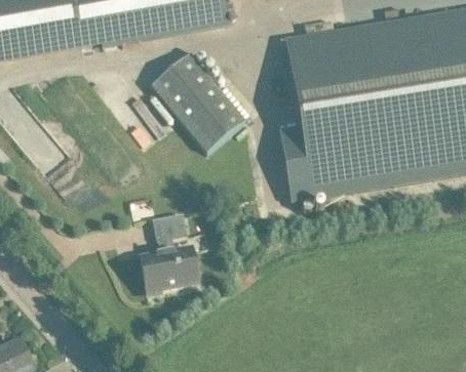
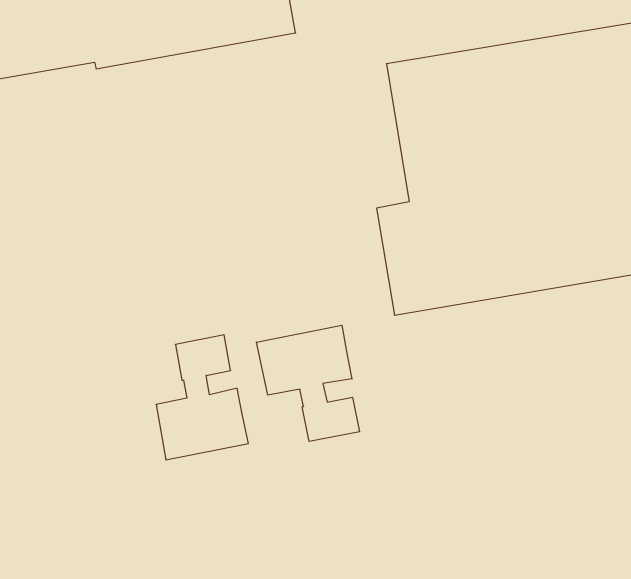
building: [140,48,243,153] -> none
building: none -> [256,325,360,441]

